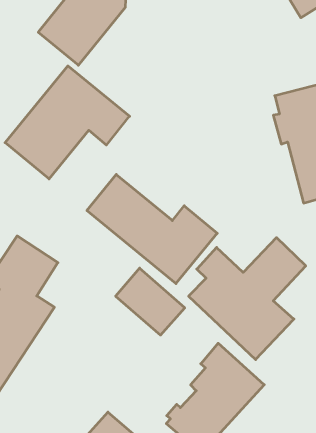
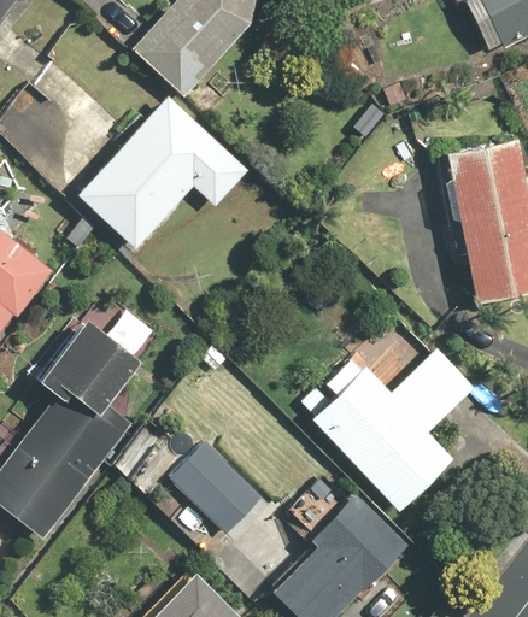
building: [87,174,217,284] -> none
building: [116,268,185,335] -> [169,440,262,533]

